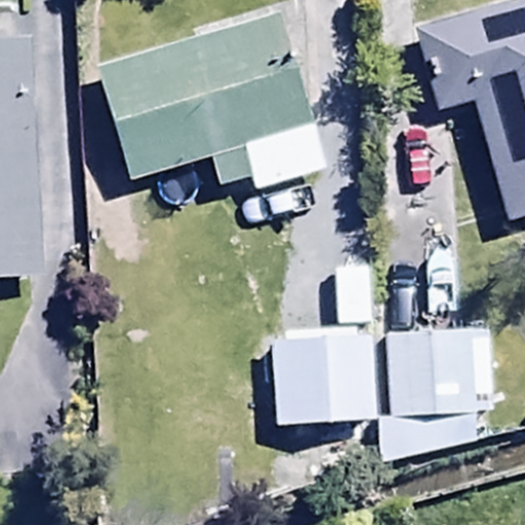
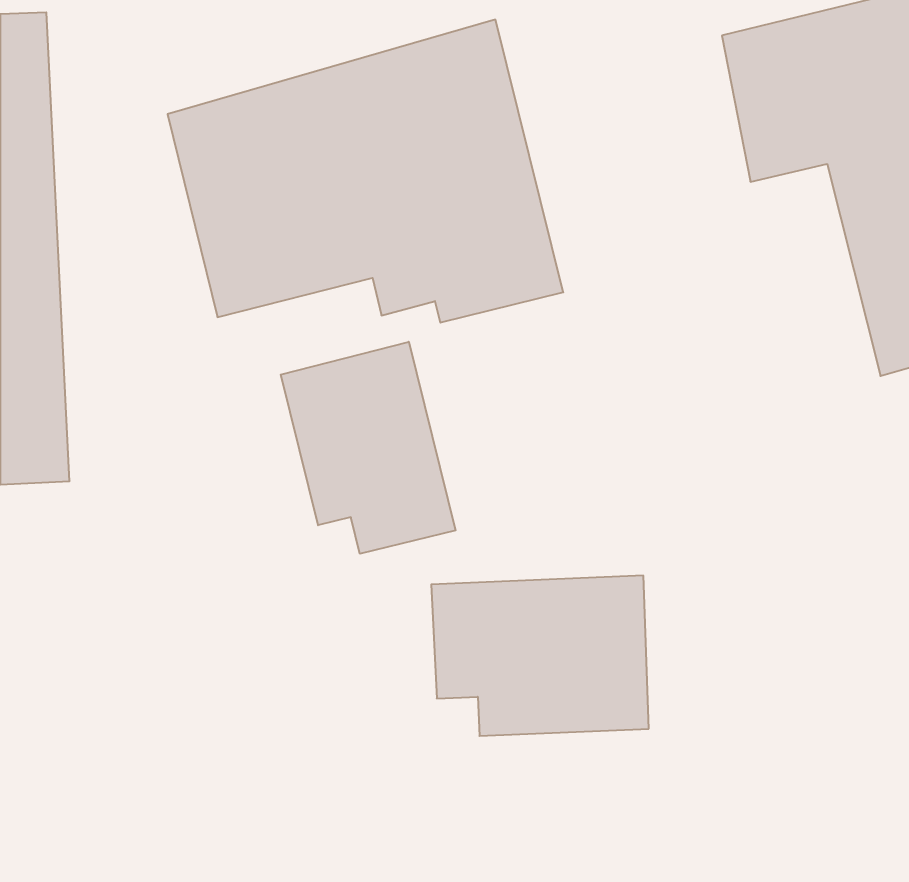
building: none -> [281,342,456,554]
building: [377,326,492,448] -> none

